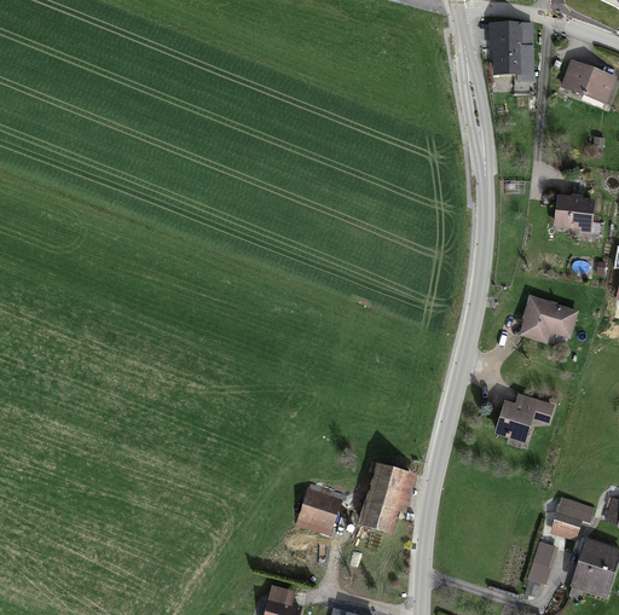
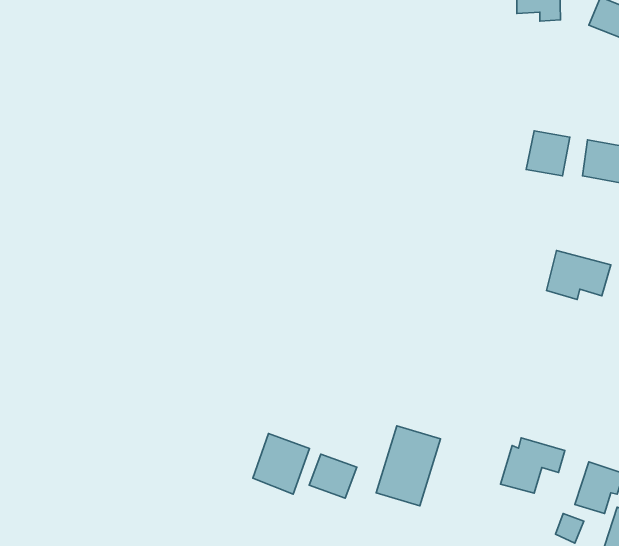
building: none -> [526,131,570,176]
building: [496,391,556,443] -> [501,438,565,493]
building: none -> [253,434,310,494]

